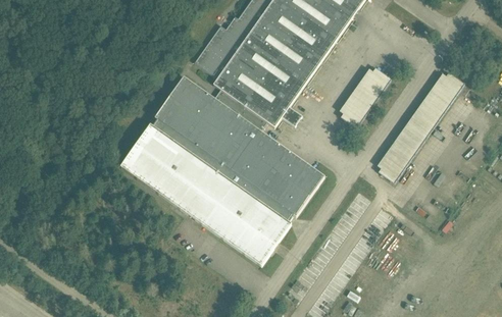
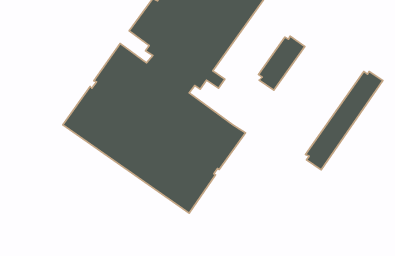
building: [378,72,464,182] -> [306,72,383,170]

